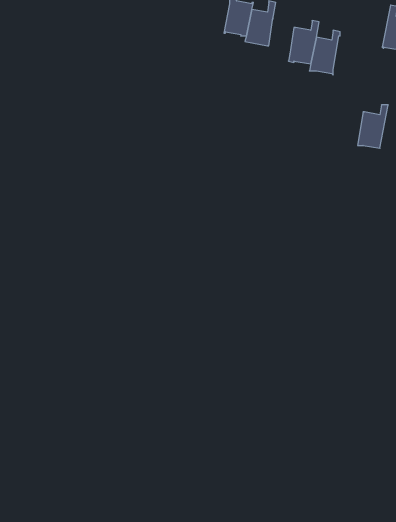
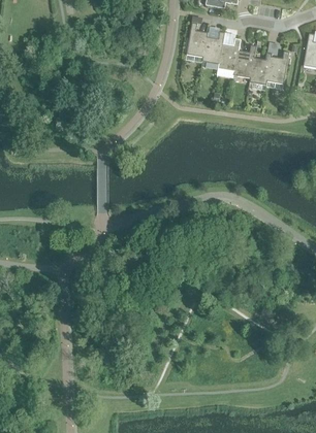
building: none -> [219,38,242,70]
building: [358,105,388,148] -> [267,52,290,84]

